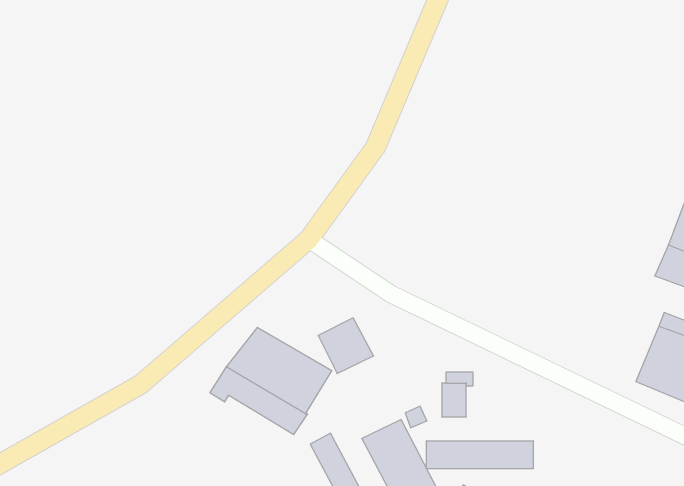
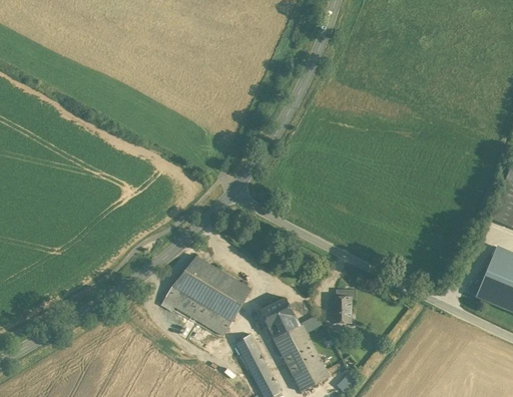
building: [318,318,374,374] -> [260,298,301,339]
building: [427,441,533,469] -> none

